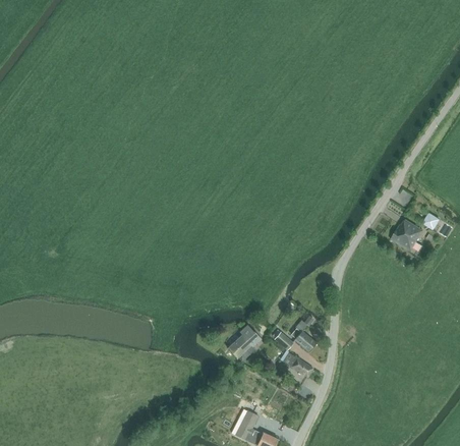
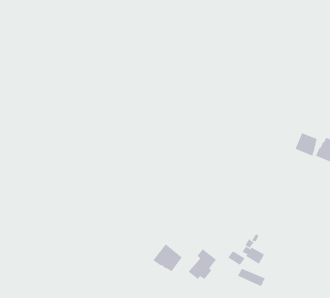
building: none -> [295,133,317,157]
building: none -> [152,244,183,272]

